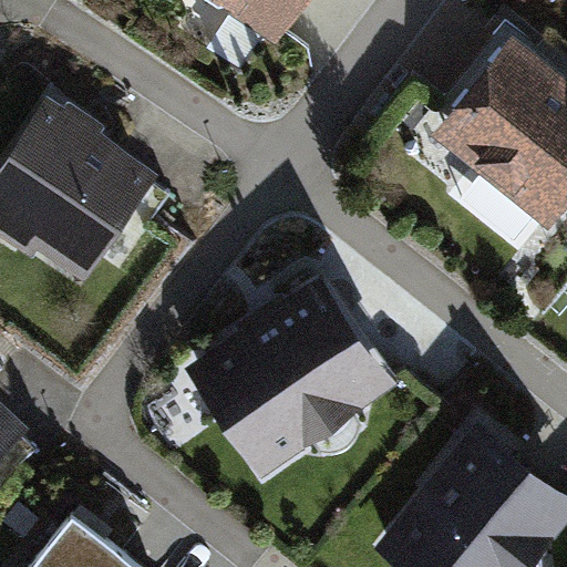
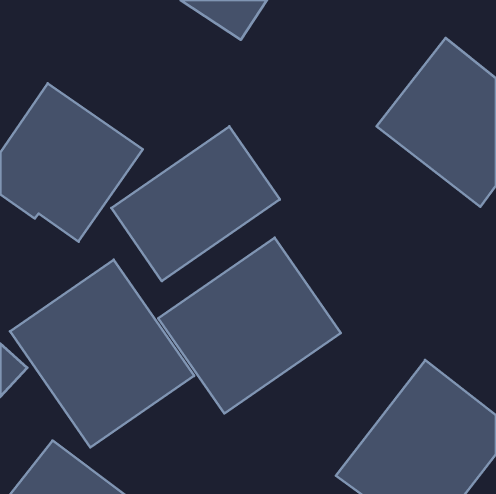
building: none -> [111,126,280,281]
building: none -> [10,260,194,447]

